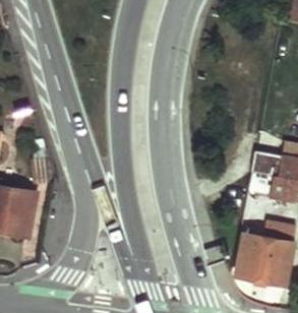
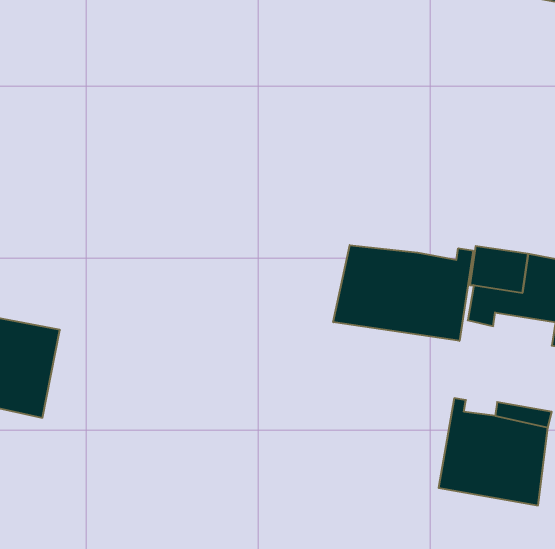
building: none -> [333,245,473,341]

